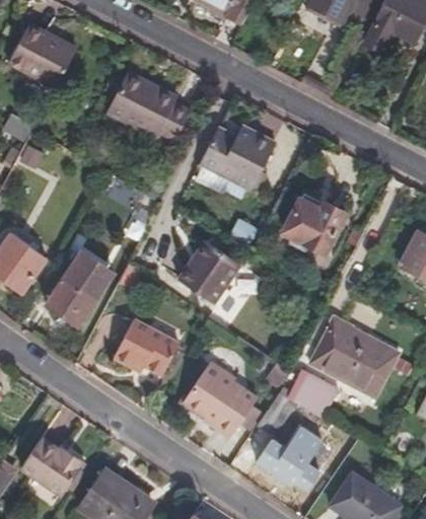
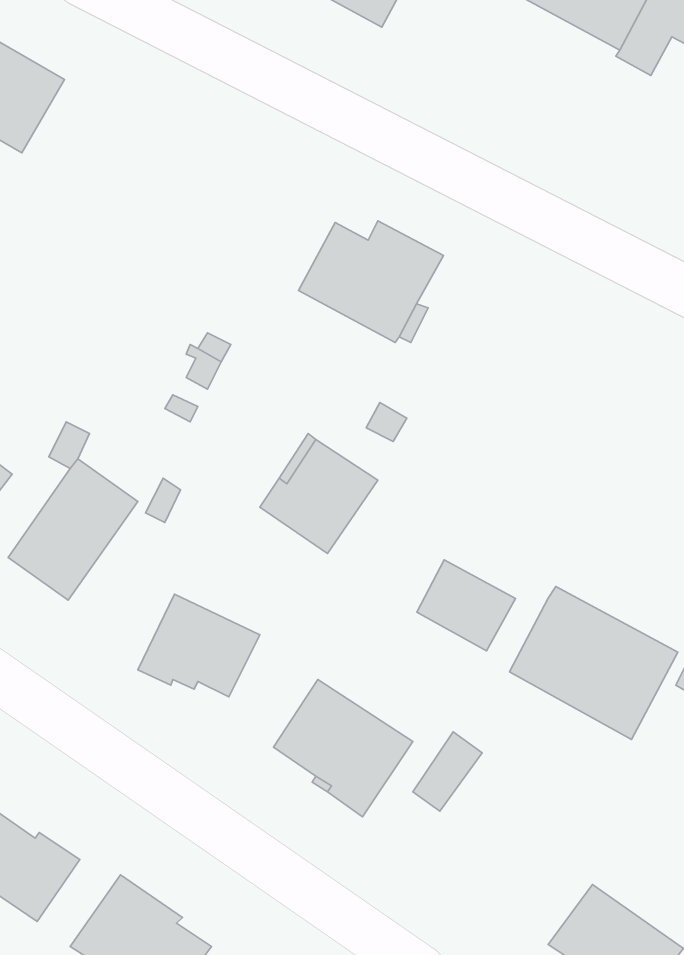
building: [104,71,188,141] -> none
building: [283,200,345,253] -> none
building: [288,370,340,418] -> [417,560,516,651]
building: [257,427,327,488] -> none

